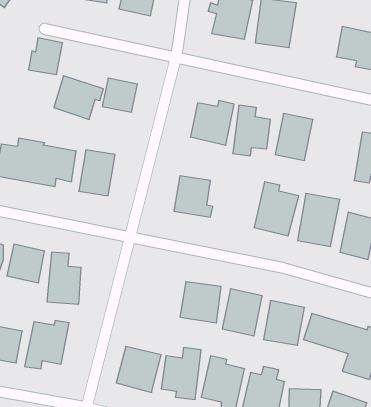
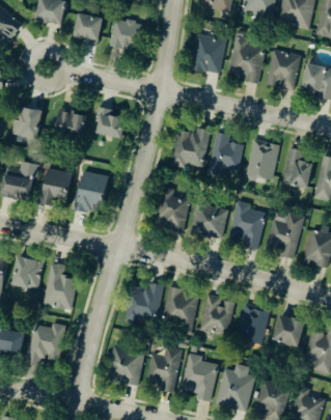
building: none -> [267,51,299,90]
building: [28,38,63,74] -> [10,108,40,140]
building: none -> [282,148,320,190]
building: none -> [191,203,227,239]
building: none -> [125,282,164,325]

